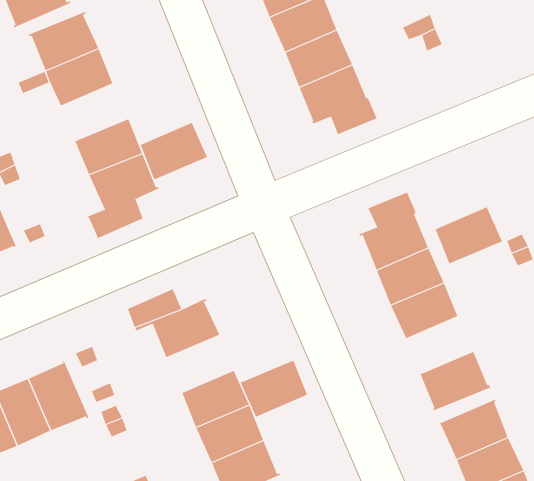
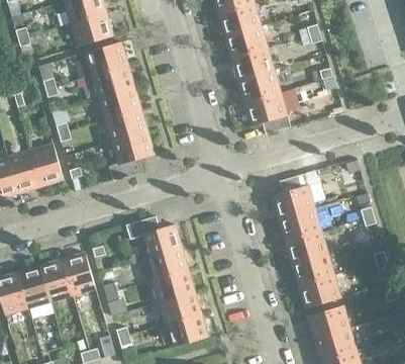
building: [140,122,208,180] -> [99,87,139,119]
building: [435,207,503,264] -> [292,252,332,284]
building: [240,360,308,418] -> [145,247,186,279]

